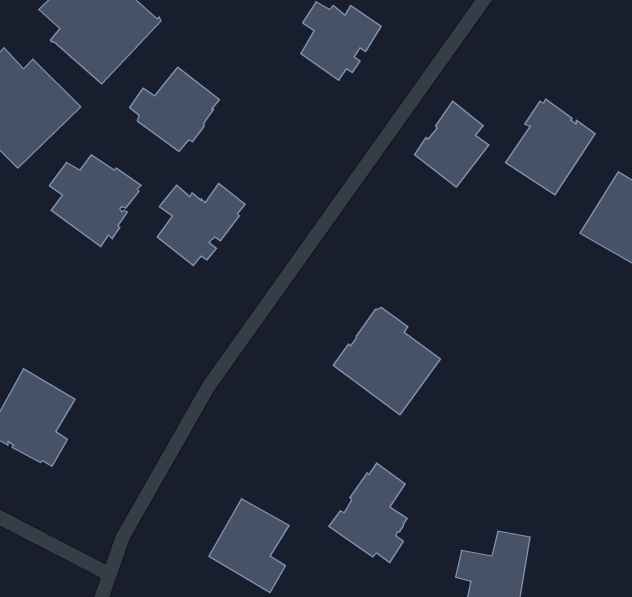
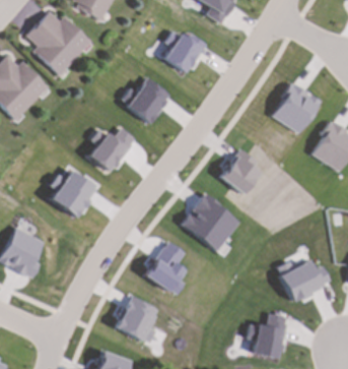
building: [130,67,219,151] -> [123,78,170,123]
building: [414,101,489,187] -> [221,149,261,195]
building: [49,155,141,247] -> [48,170,96,219]
building: none -> [277,260,331,301]
building: [329,463,407,563] -> [144,242,186,295]

